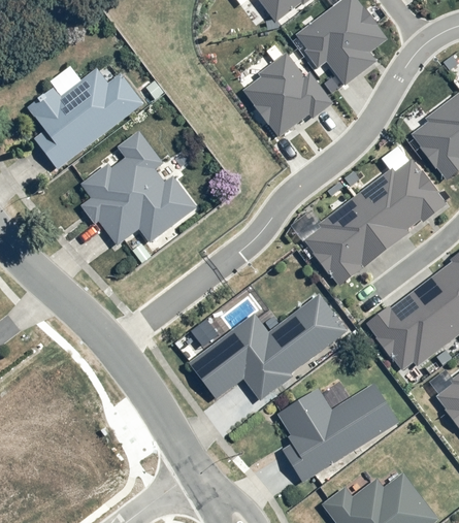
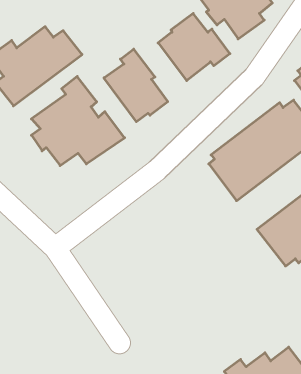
building: none -> [104,49,168,122]
building: [191,293,348,398] -> none
building: [277,386,398,481] -> none

